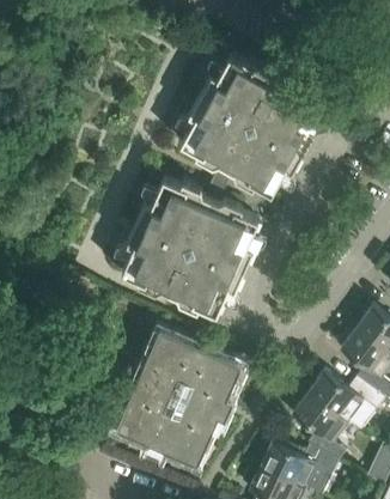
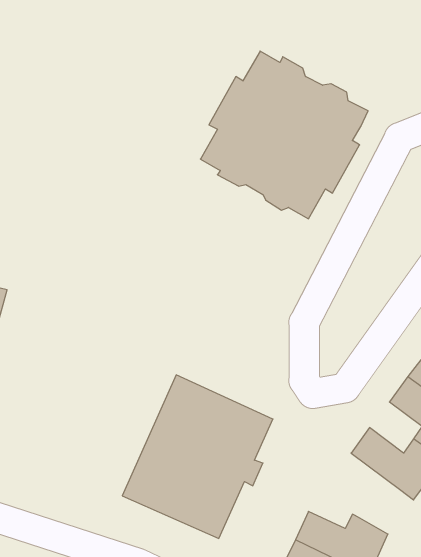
building: [121,178,258,316] -> none
building: [292,392,349,461] -> none

